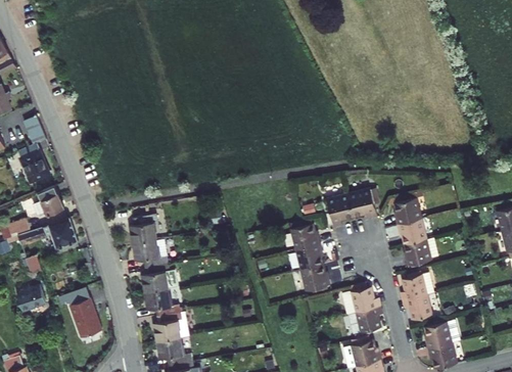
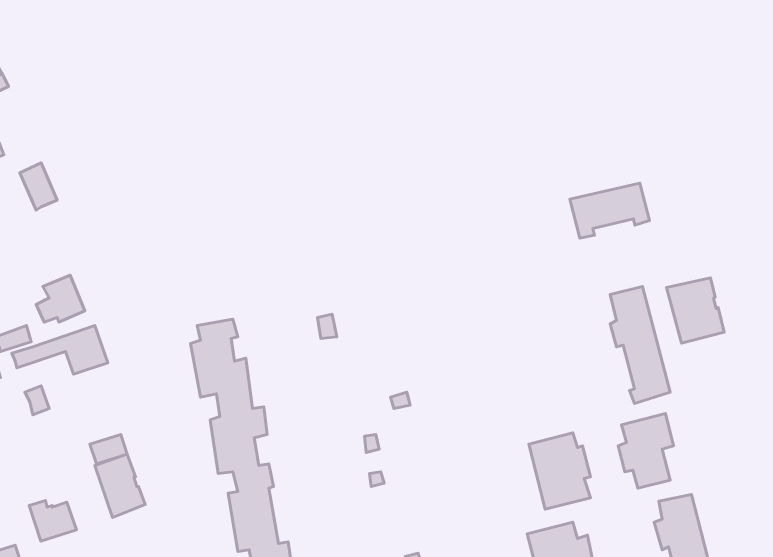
building: [17,143,49,182] -> none
building: none -> [667,278,724,343]
building: [327,191,377,226] -> [570,183,650,238]
building: [289,221,331,293] -> none
building: [15,285,45,311] -> [29,501,76,541]

